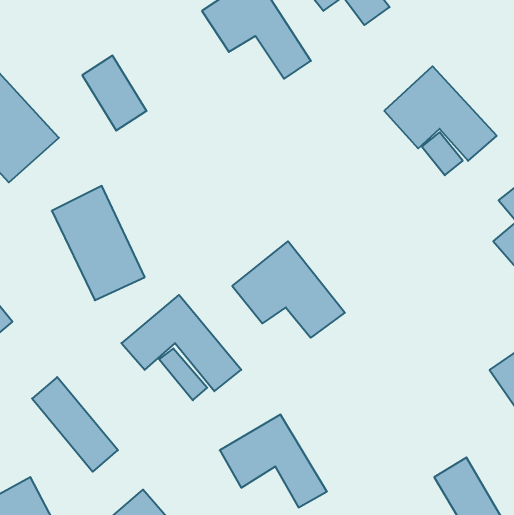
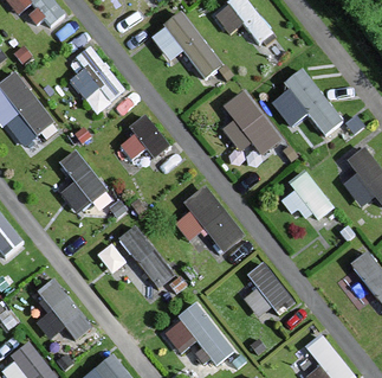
building: none -> [224,89,284,155]
building: none -> [117,118,167,167]
building: none -> [279,175,330,225]
building: none -> [239,262,290,316]

